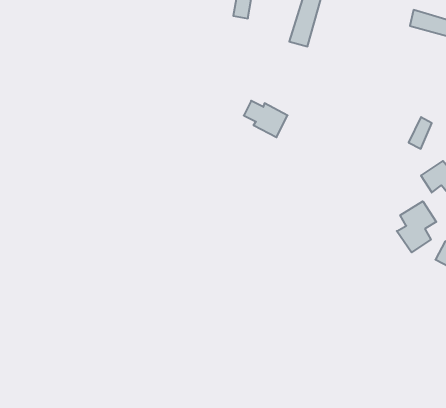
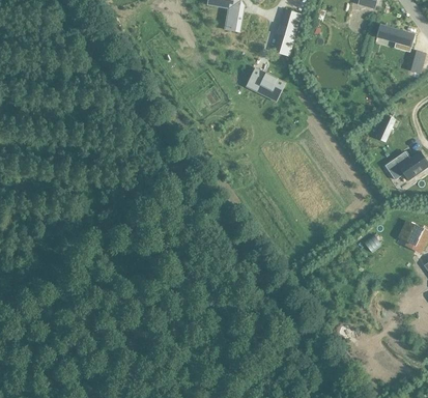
building: [244,101,288,137] -> [248,70,285,102]
building: [397,201,436,252] -> none

